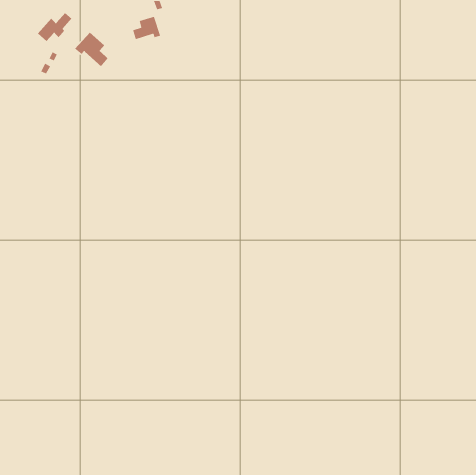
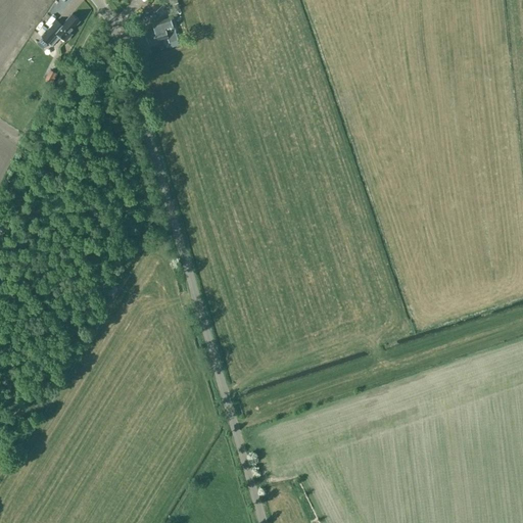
building: [74,32,108,67] -> none

